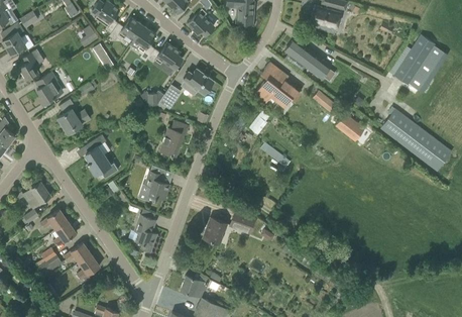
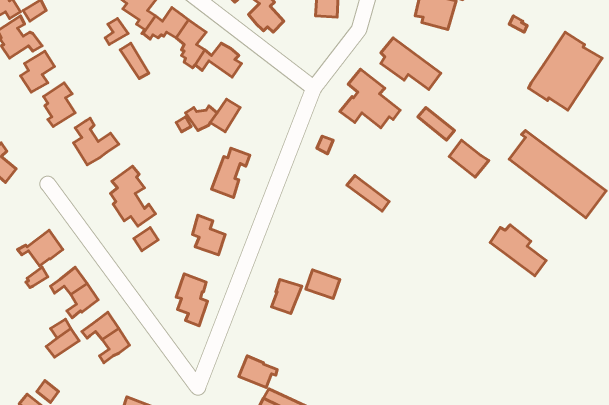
building: [183,69,213,94] -> none
building: none -> [490,225,546,276]

